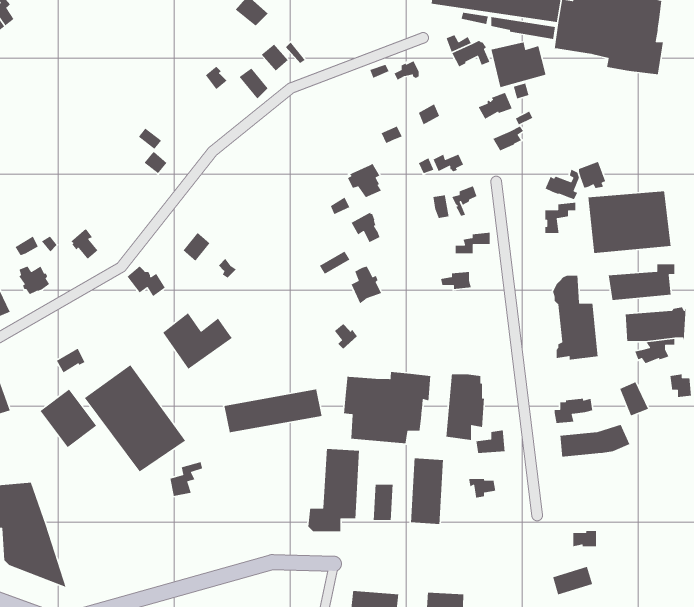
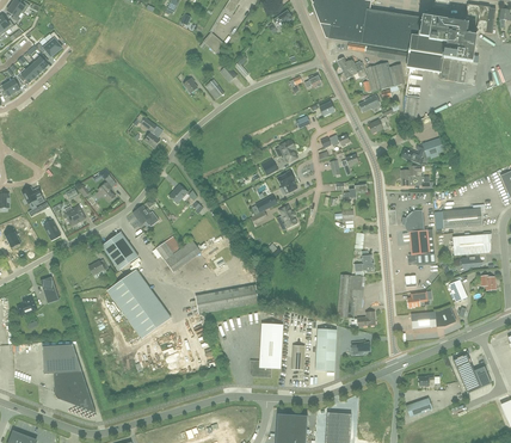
building: [588,191,672,254] -> none
building: [343,371,431,444] -> none
building: [39,388,97,448] -> [101,230,138,269]
building: none -> [454,352,492,392]

